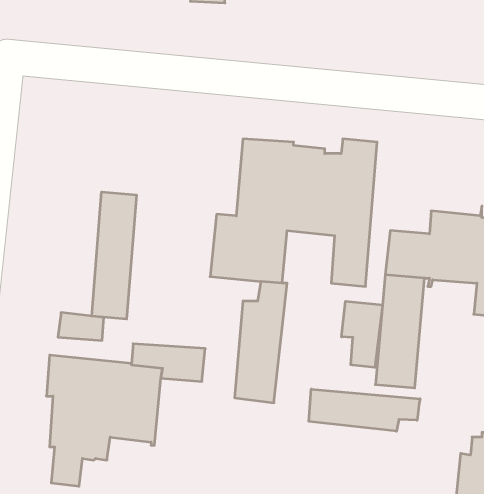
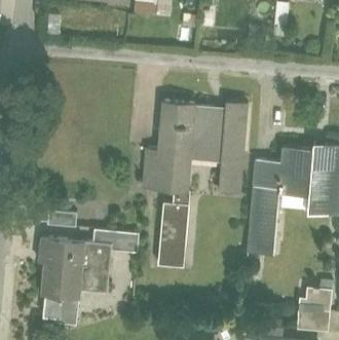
building: [92,192,136,319] -> none
building: [342,301,383,367] -> none
building: [309,389,420,431] -> none

